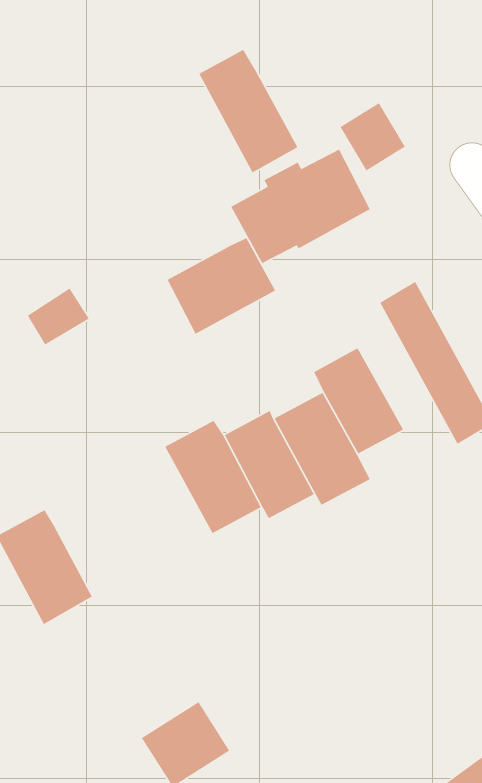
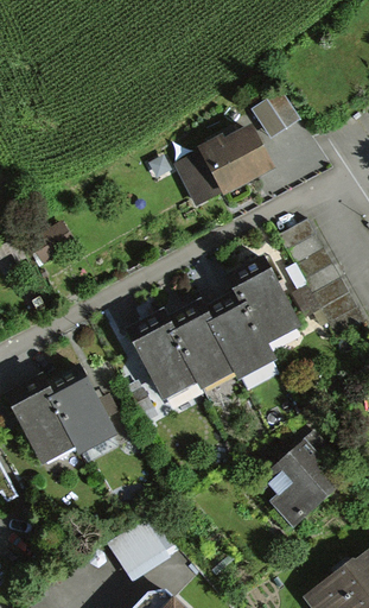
building: [198,49,298,174] -> none
building: [167,237,276,335] -> none
building: none -> [51,375,116,452]
building: none -> [259,443,332,517]

